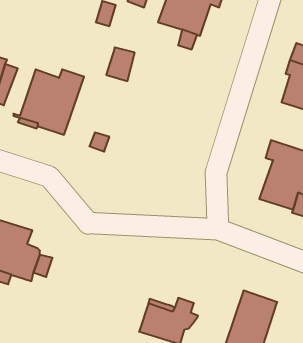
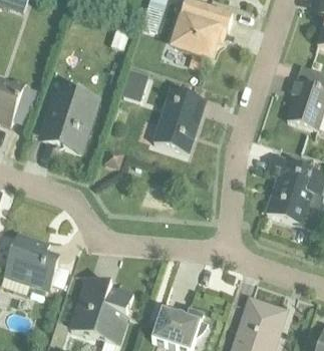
building: none -> [153,88,205,152]
building: none -> [68,272,133,345]

